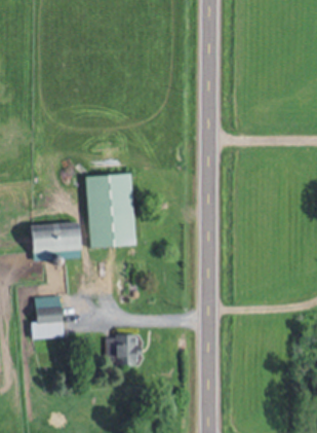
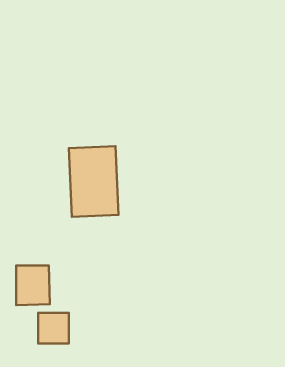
building: [22,226,83,252] -> none
building: [108,334,140,366] -> [38,313,69,344]

